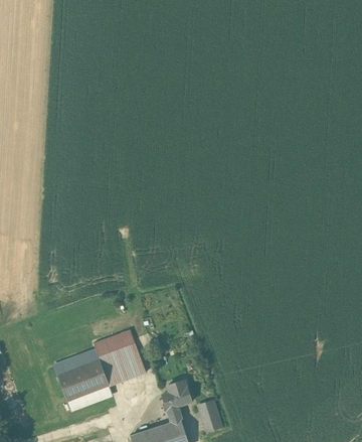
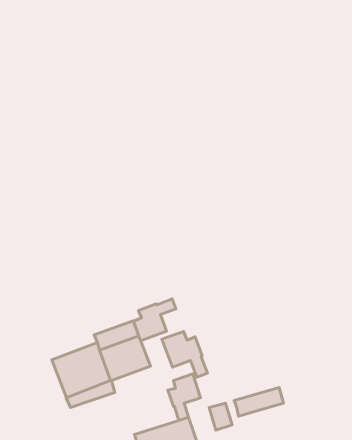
building: none -> [133,299,176,341]
building: none -> [162,331,208,377]
building: none -> [234,388,284,416]

